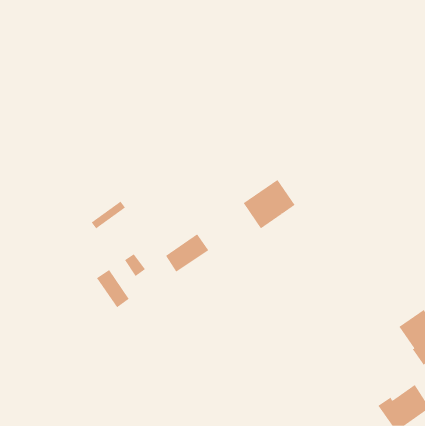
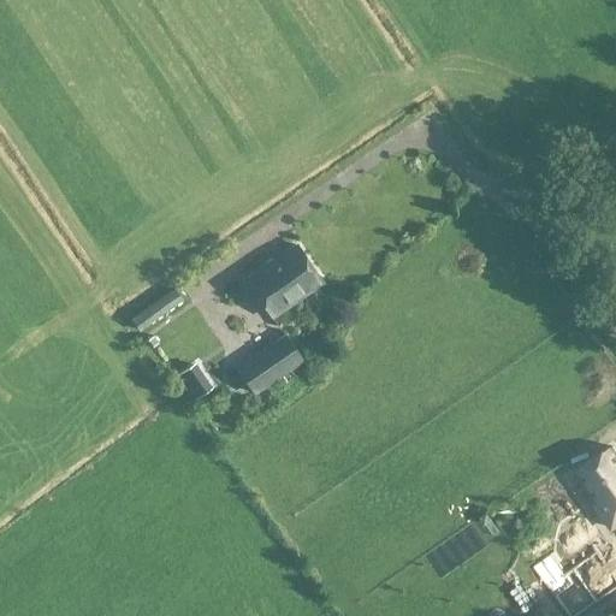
building: [243,179,295,229] -> [247,245,322,318]
building: [96,269,129,308] -> none

